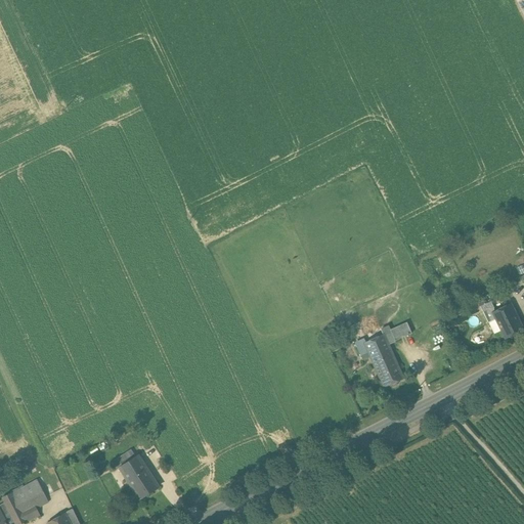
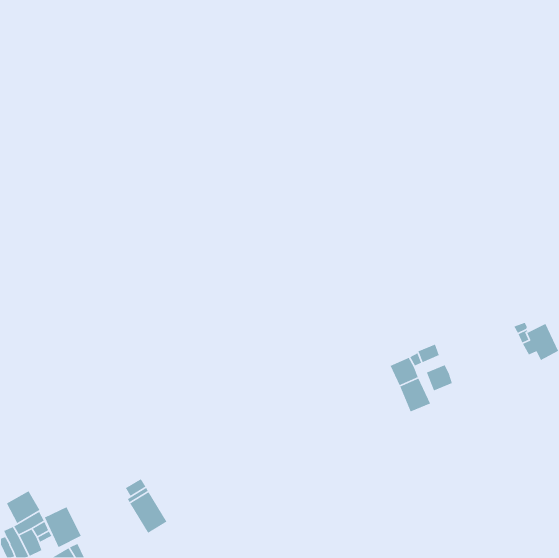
building: none -> [426,364,453,392]
building: none -> [6,490,41,524]
building: none -> [44,506,82,548]

